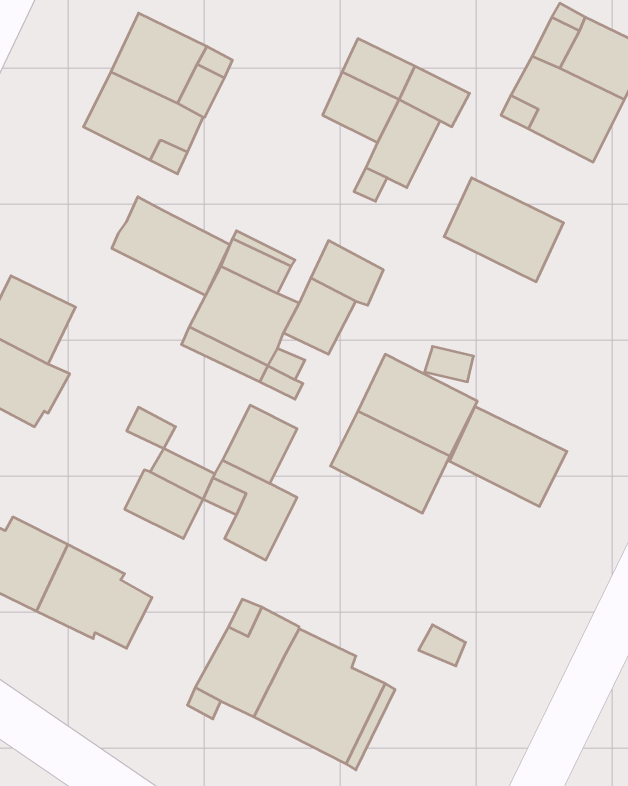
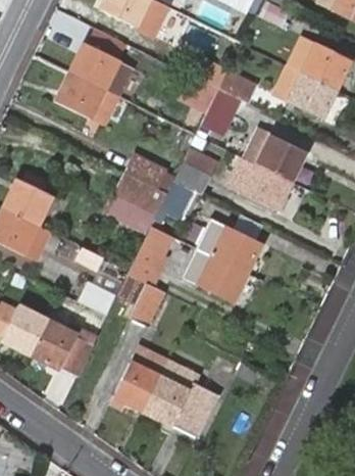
building: [112,197,230,295] -> none
building: [449,406,567,506] -> [231,158,292,210]

